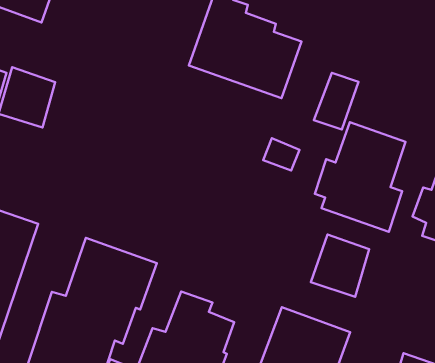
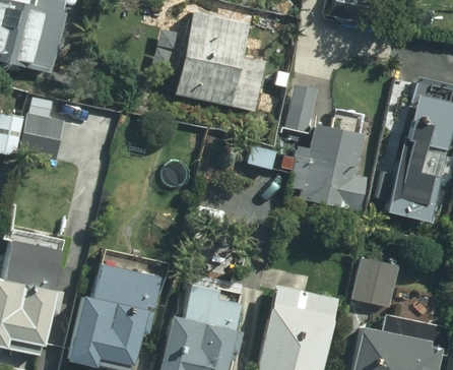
building: [311,235,369,297] -> [352,257,398,307]

